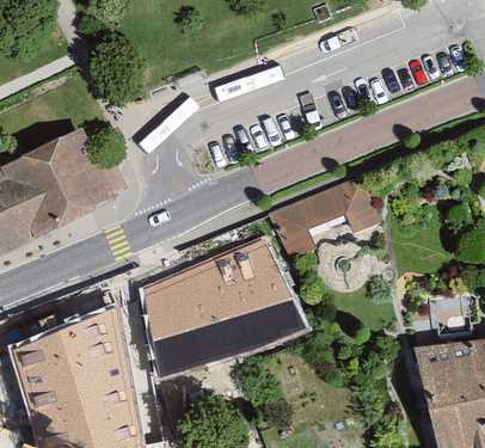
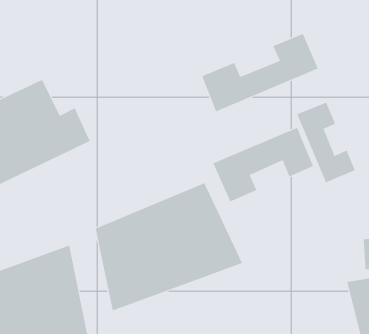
building: none -> [201,33,319,112]
building: none -> [297,102,355,183]

